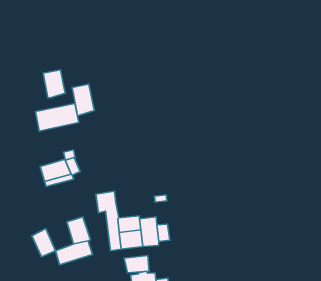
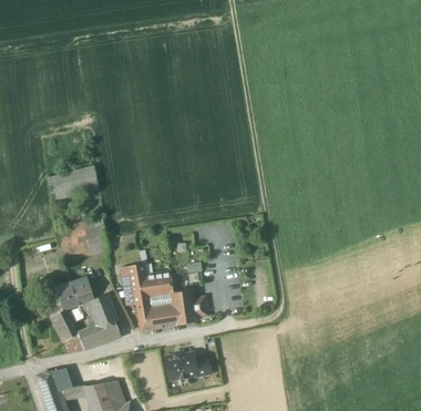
building: [43,70,65,98] -> none
building: [72,84,94,115] -> none
building: none -> [55,276,94,307]
building: [124,255,149,273] -> [144,271,173,292]

